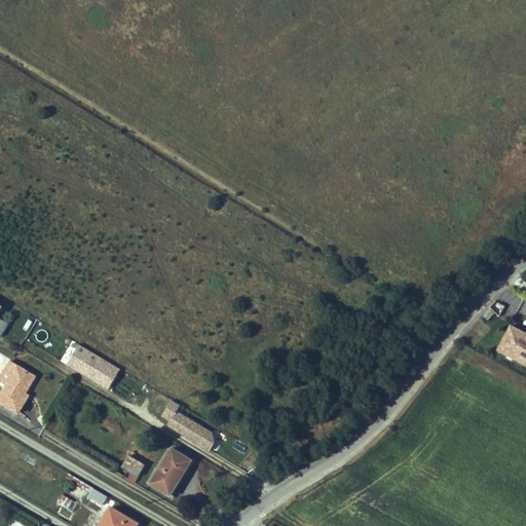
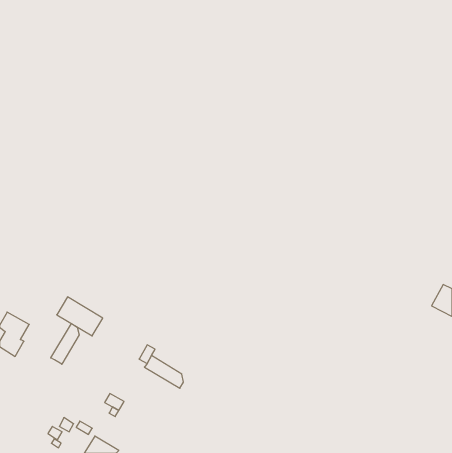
building: none -> [51,324,79,364]
building: [149,448,191,495] -> none

